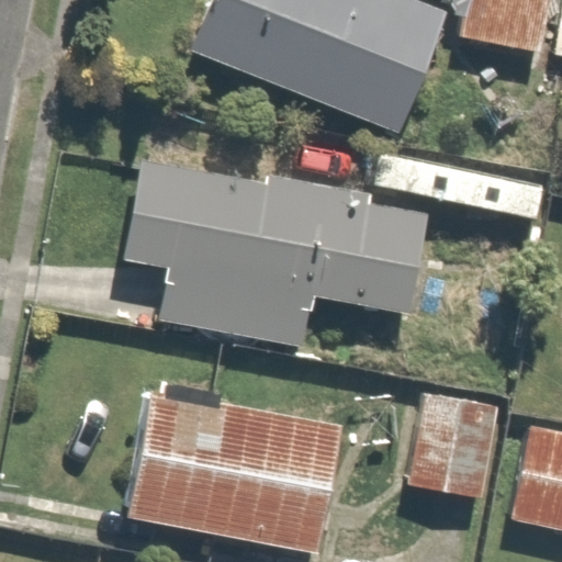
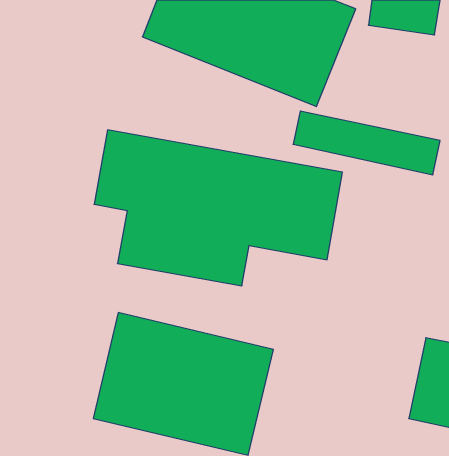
building: [409,382,506,492] -> none

